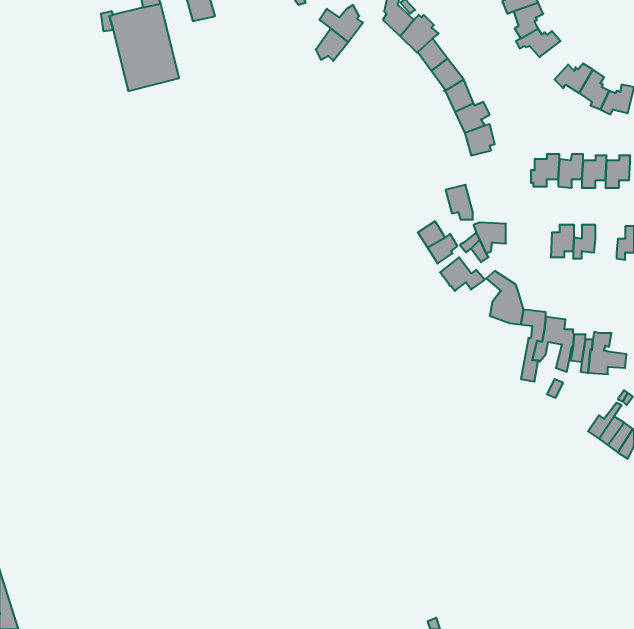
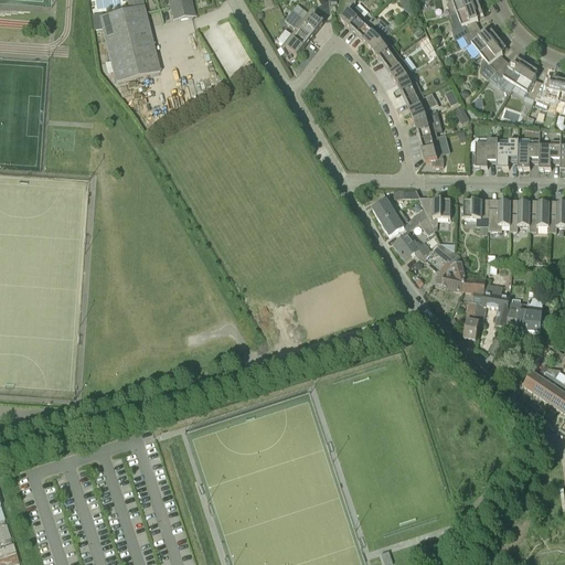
building: none -> [479,36,504,71]
building: [446,185,473,220] -> [418,134,443,164]
building: none -> [462,199,490,232]
building: none -> [527,201,548,230]

